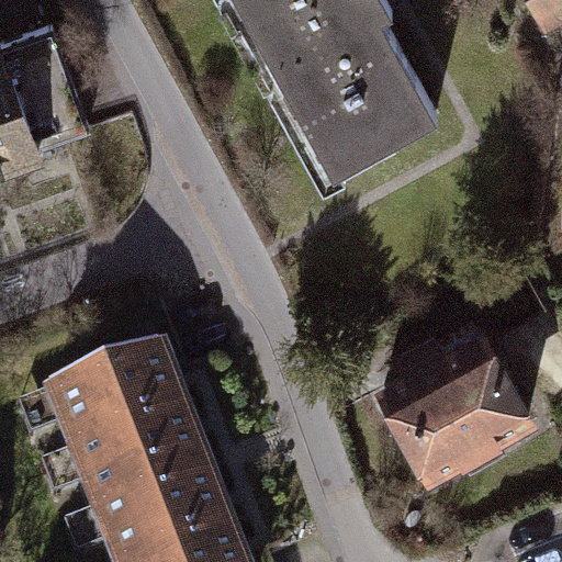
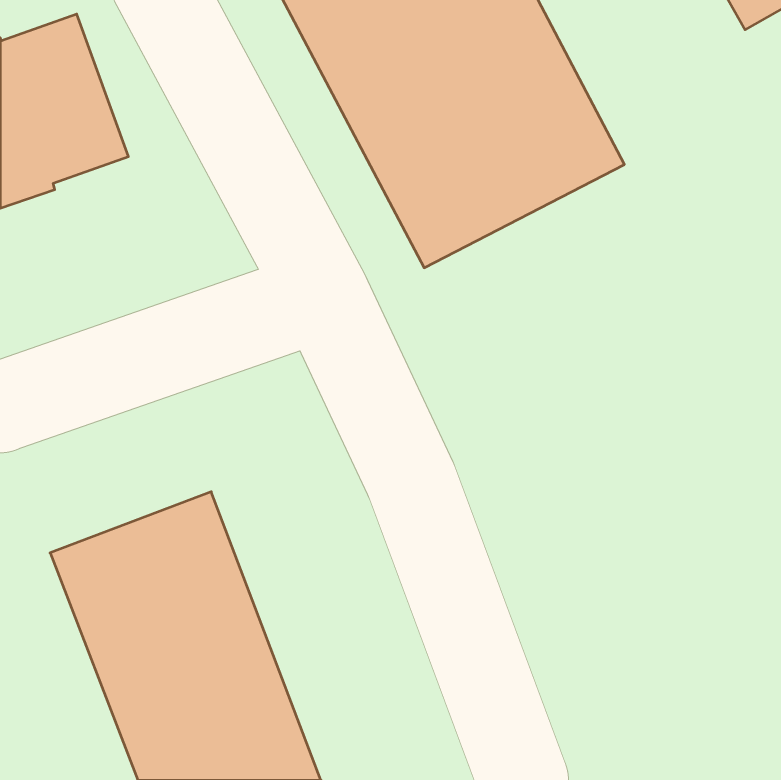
building: [372,336,533,486] -> none

